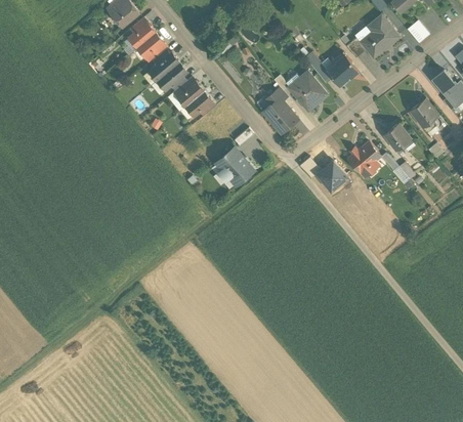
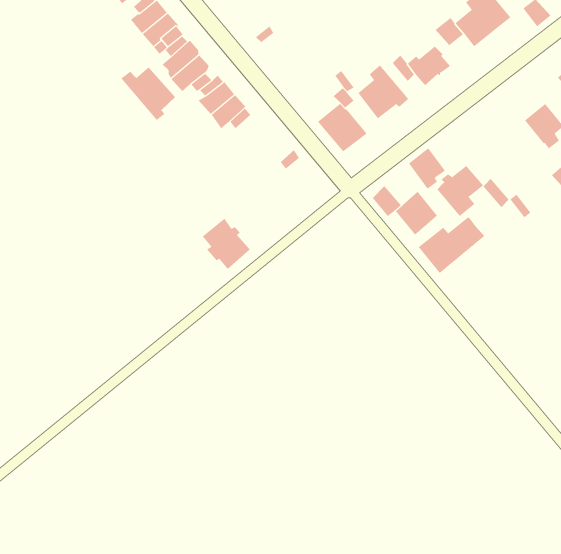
building: none -> [121,67,176,121]
building: [383,122,410,152] -> [408,148,446,189]
building: [217,147,252,184] -> [202,218,251,270]
building: none -> [418,217,485,274]

